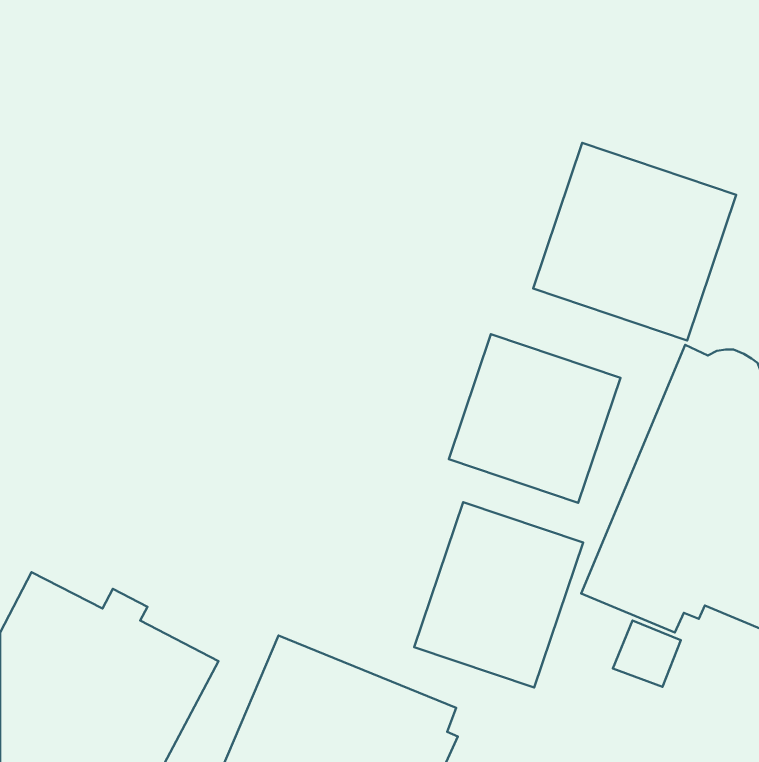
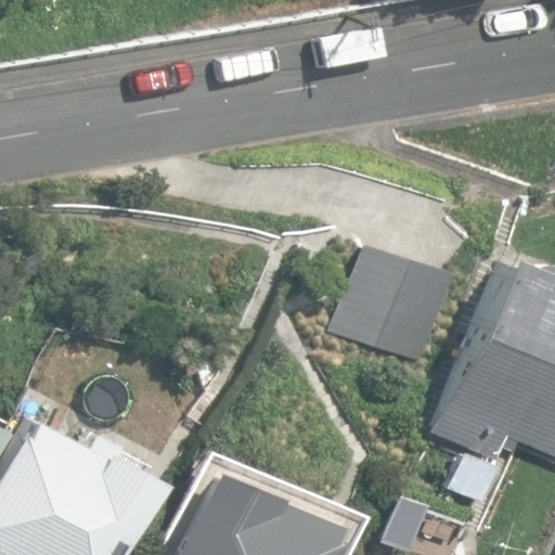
building: [533,143,736,340] -> none
building: [414,502,583,688] -> none

